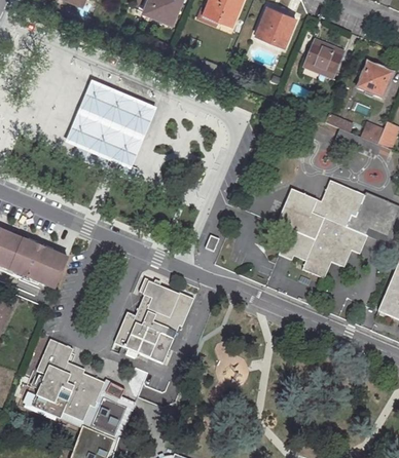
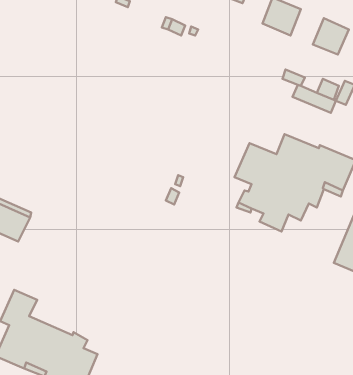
building: [64,76,156,165] -> none
building: [114,277,194,362] -> none

